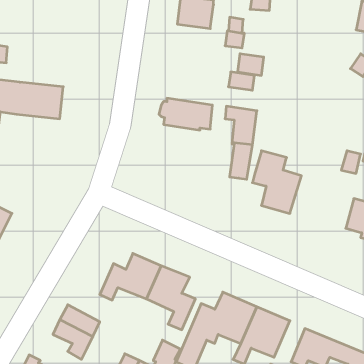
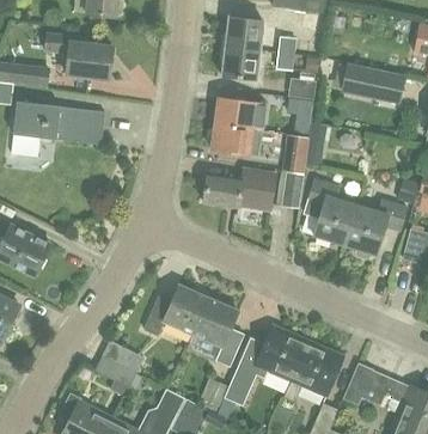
building: none -> [44,33,112,79]
building: none -> [221,45,259,80]
building: none -> [341,66,403,103]
building: none -> [214,96,265,130]
building: none -> [202,166,276,212]
building: none -> [343,200,406,258]

